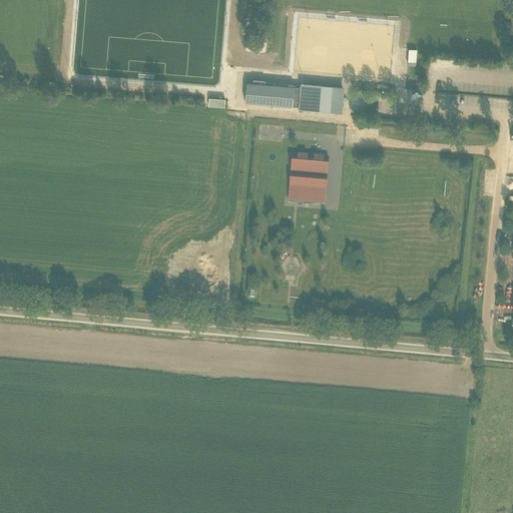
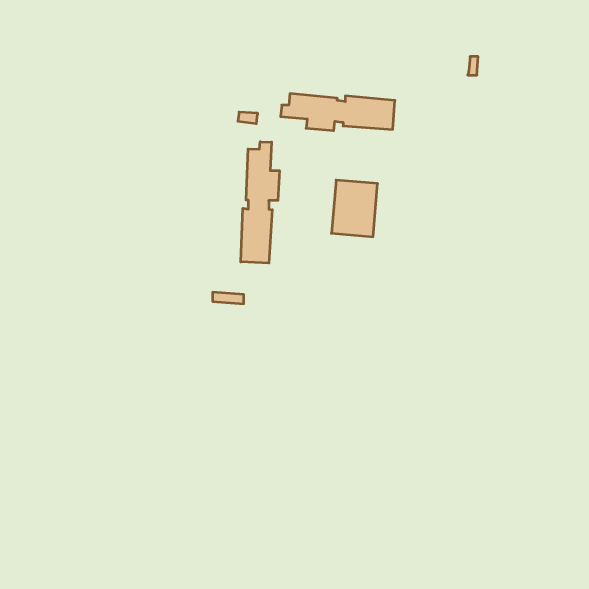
building: none -> [241,142,279,263]

